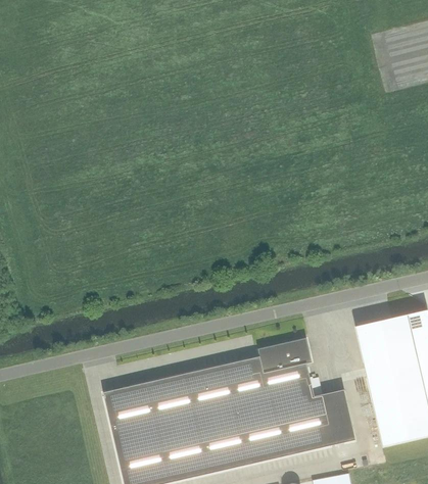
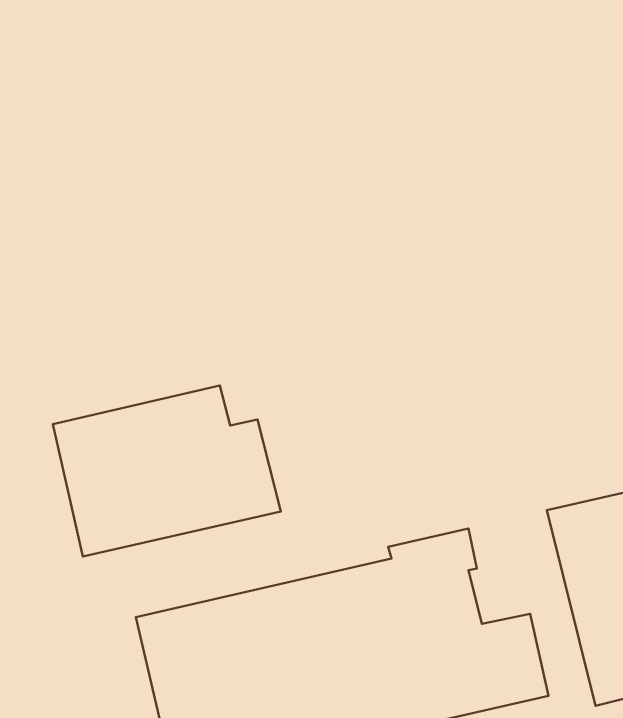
building: none -> [53,385,281,557]

